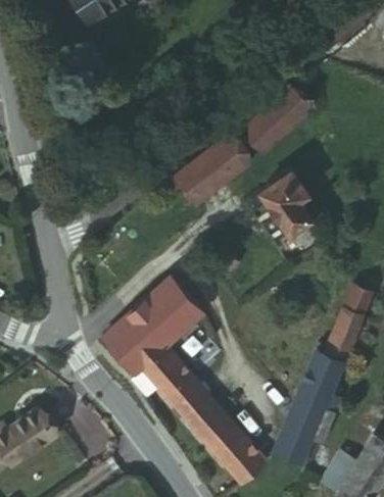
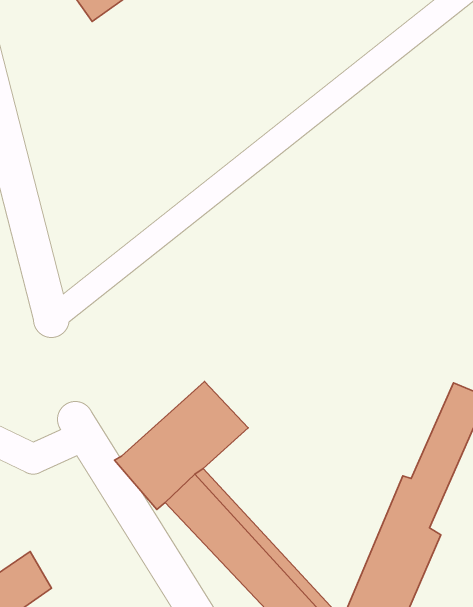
building: [244,91,311,154] -> none
building: [173,142,239,205] -> none
building: [256,173,324,257] -> none

